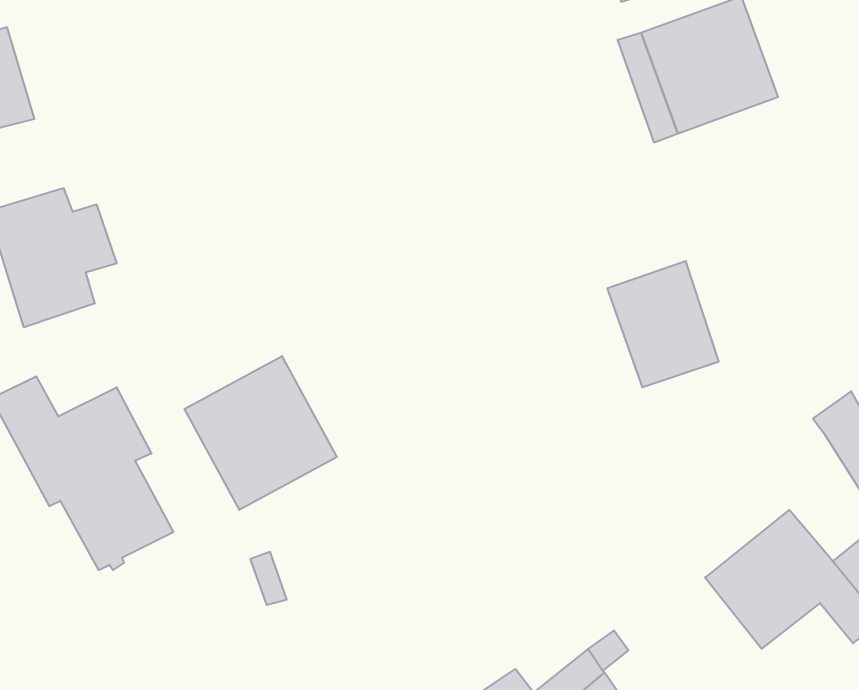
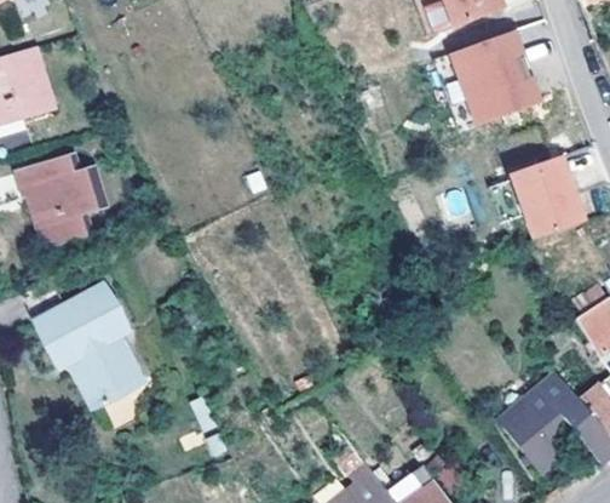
building: [607,261,719,387] -> [513,154,587,238]
building: [185,356,337,510] -> none

